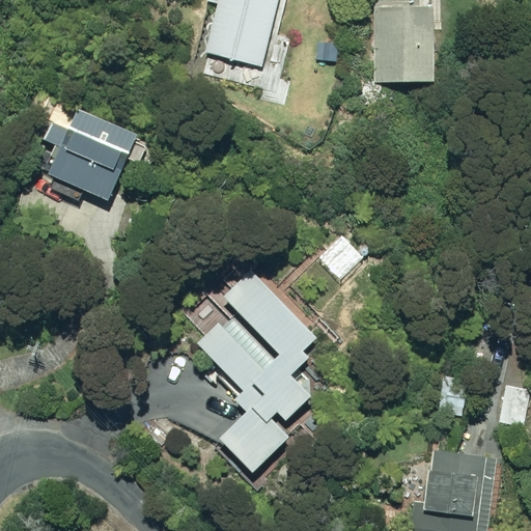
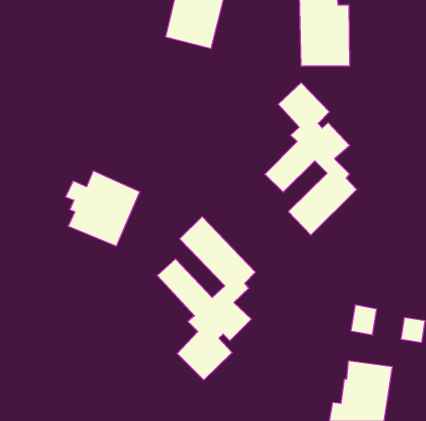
building: none -> [265,83,357,235]
building: [44,107,136,200] -> [66,171,140,246]

